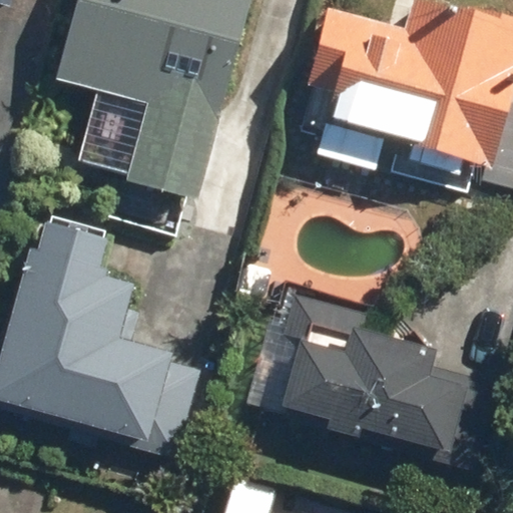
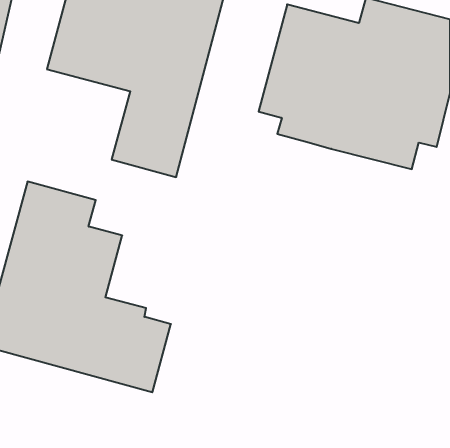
building: [280,327,495,471] -> none

